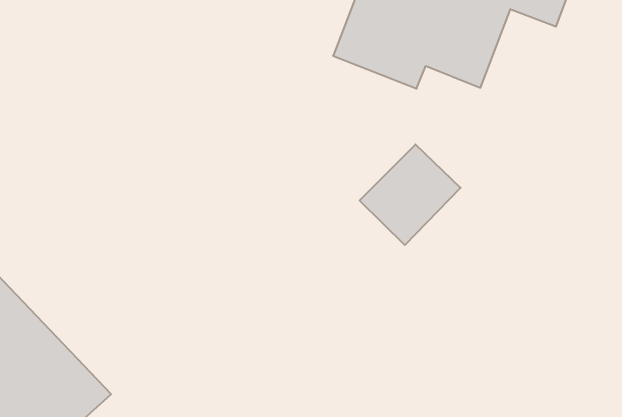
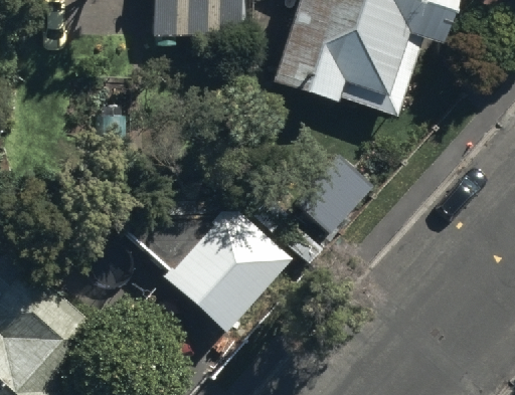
building: none -> [167,195,295,325]

